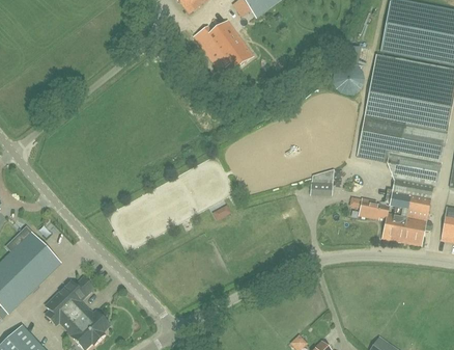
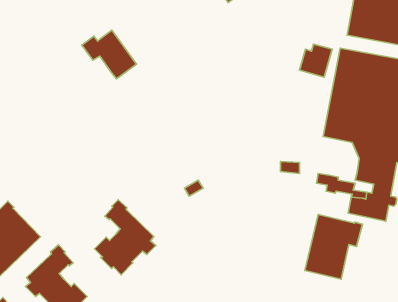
building: [195,21,252,72] -> [82,30,136,79]
building: none -> [95,200,156,275]
building: none -> [305,214,362,279]

